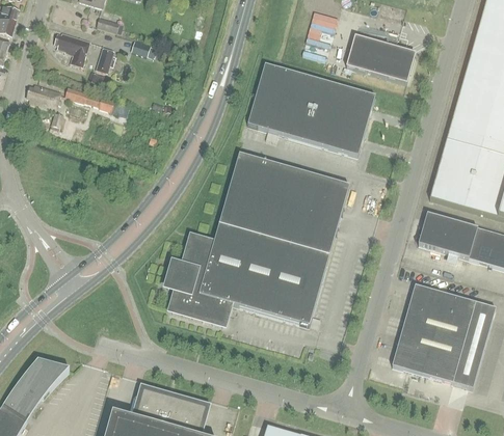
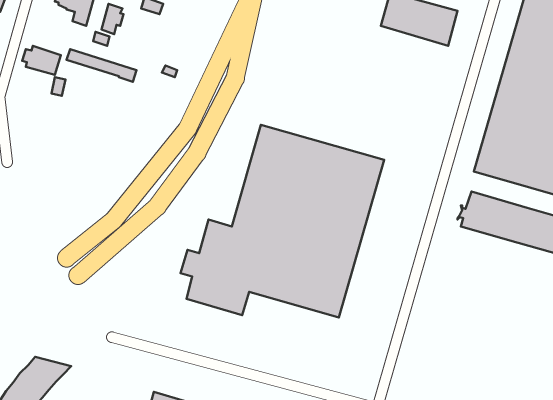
building: [247,62,375,155] -> none
building: [392,283,496,387] -> none

